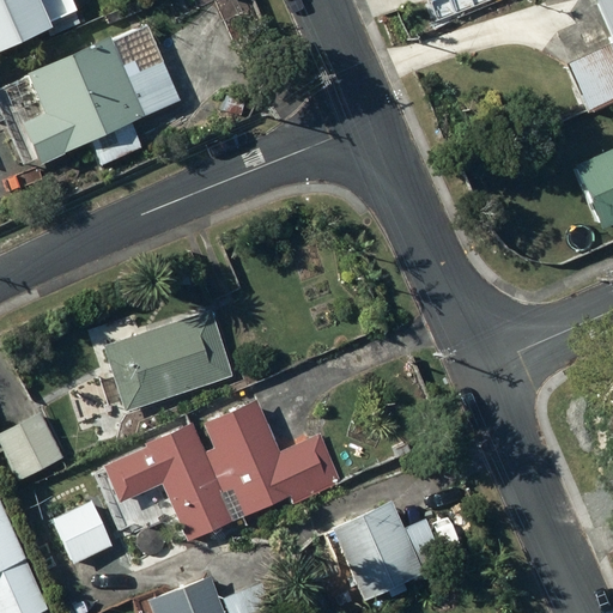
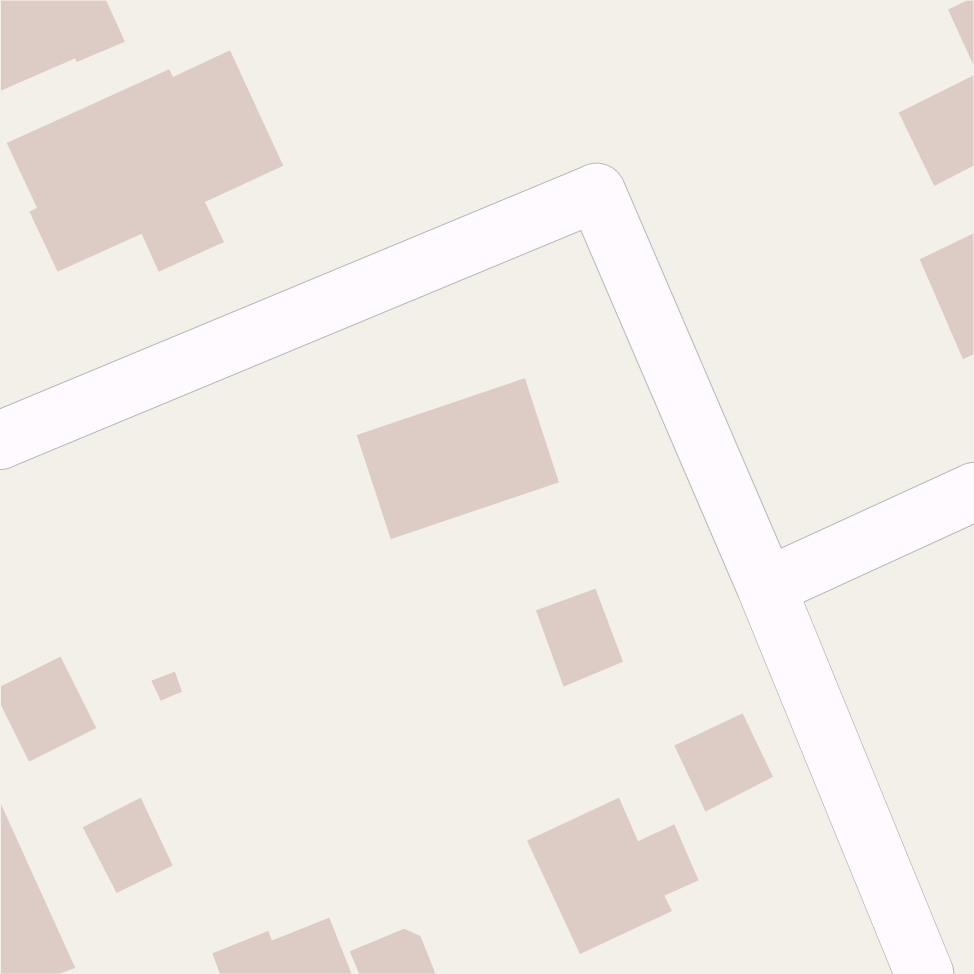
building: [103,309,231,411] -> [356,378,560,540]
building: none -> [535,588,624,688]
building: [102,399,340,540] -> none
building: none -> [674,713,774,813]

